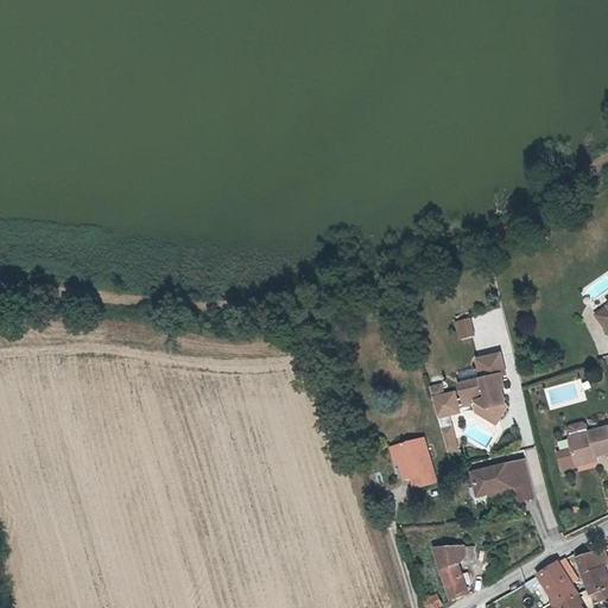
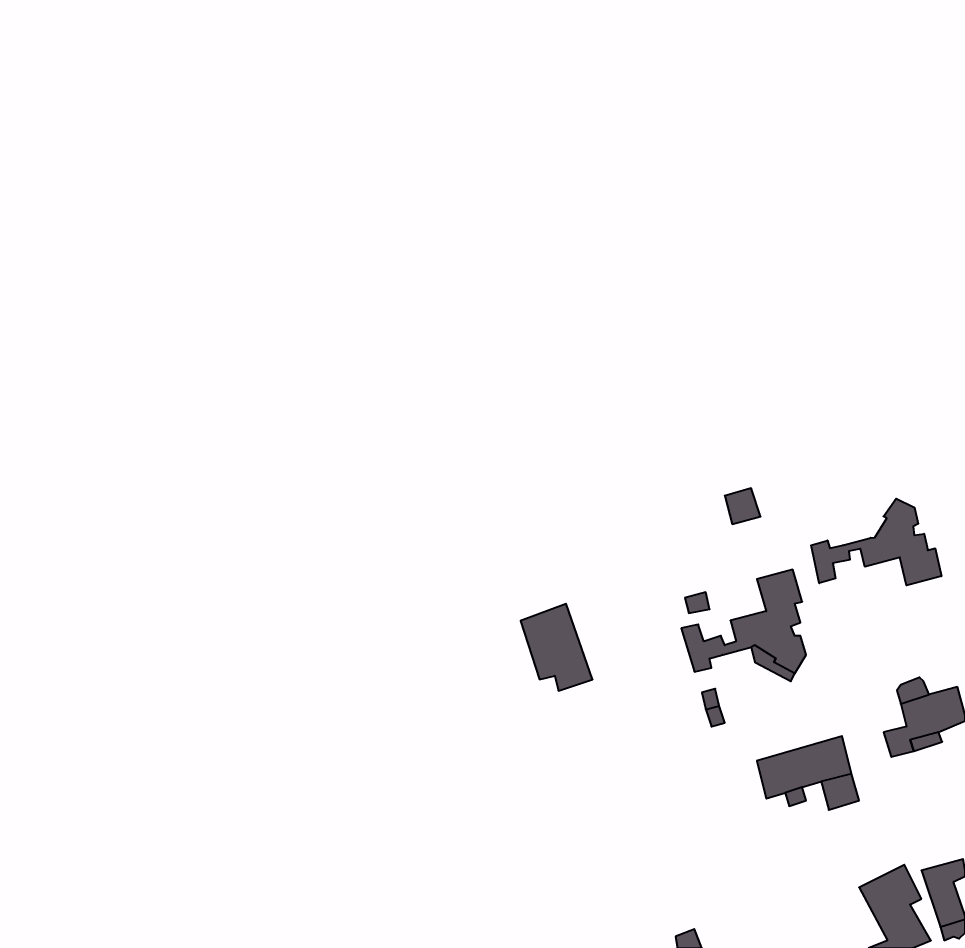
building: none -> [811,499,941,585]
building: [390,433,435,488] -> [521,604,593,691]
building: [435,534,470,588] -> none

